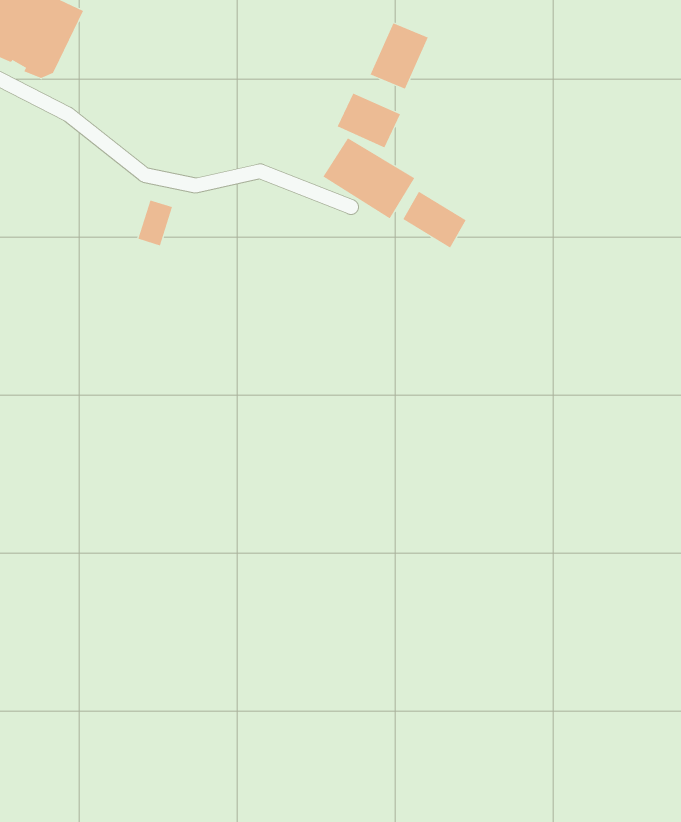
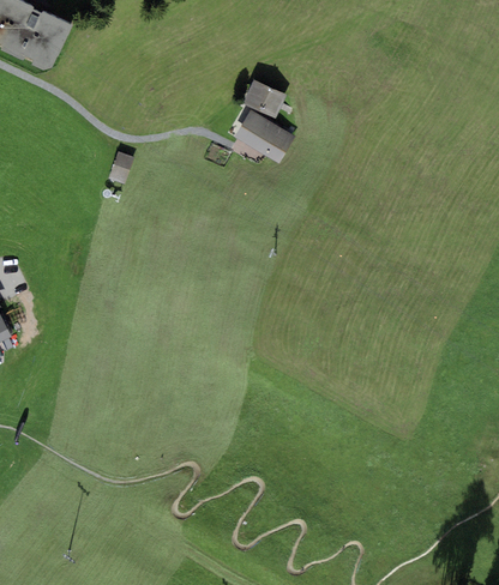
building: [370,22,429,90] -> none
building: [403,191,466,248] -> none

